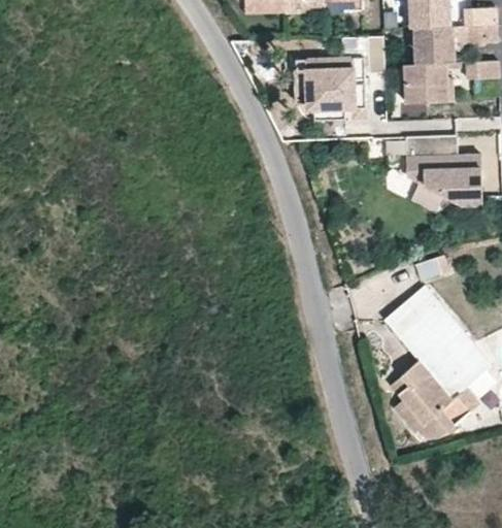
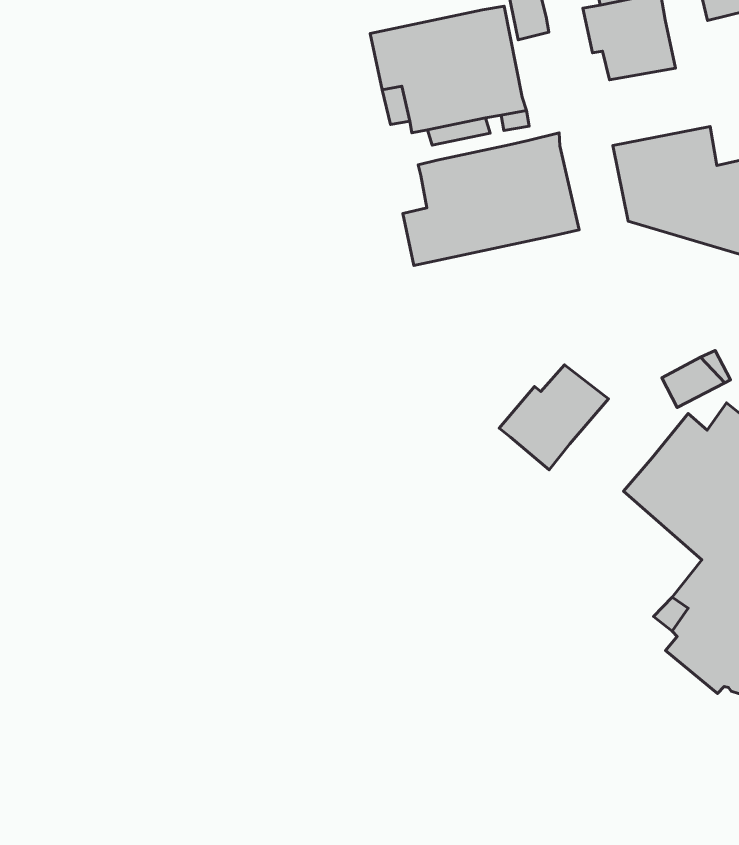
building: none -> [403,133,579,265]
building: none -> [499,365,608,470]

